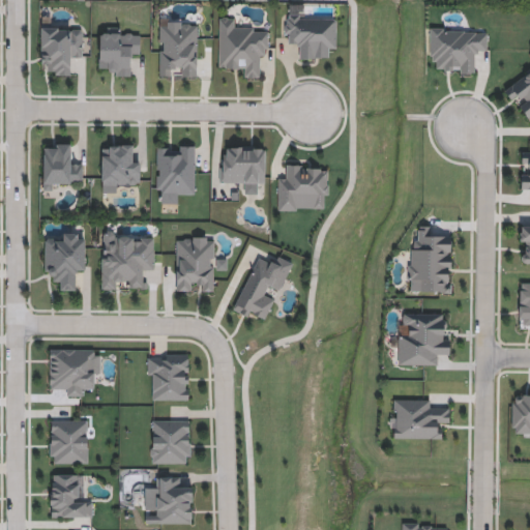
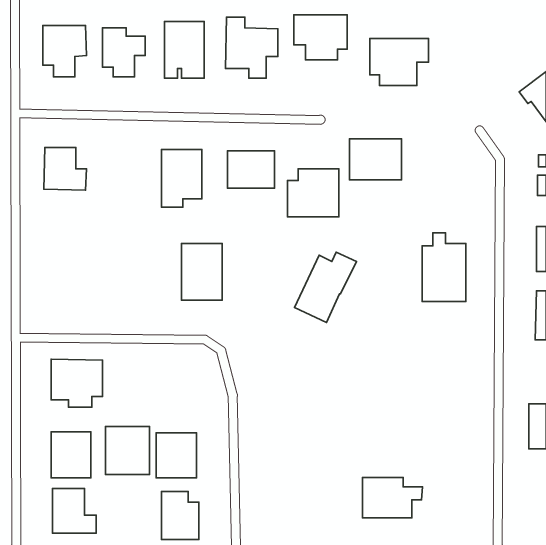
building: [431,28,488,73] -> [370,39,429,86]
building: none -> [350,139,402,180]
building: [101,145,141,193] -> none
building: [45,233,87,291] -> none
building: [101,235,155,290] -> none
building: [234,255,294,323] -> [295,252,357,323]
building: [399,314,450,365] -> none
building: [147,354,189,401] -> [106,426,149,474]
building: [392,400,450,439] -> [363,477,423,518]

